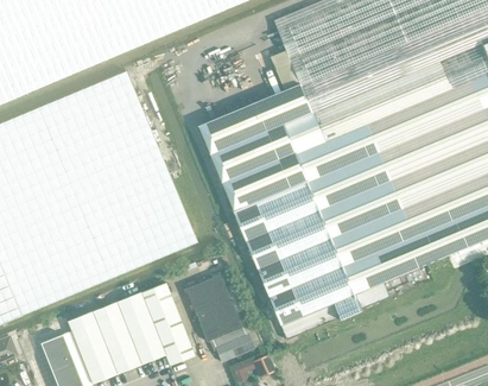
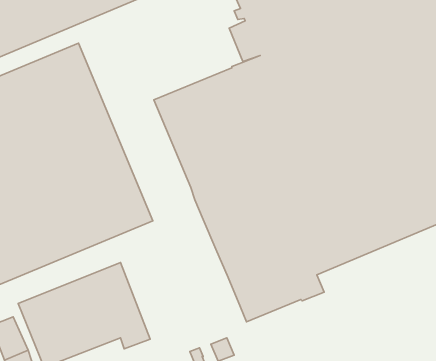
building: [185,273,255,360] -> none

